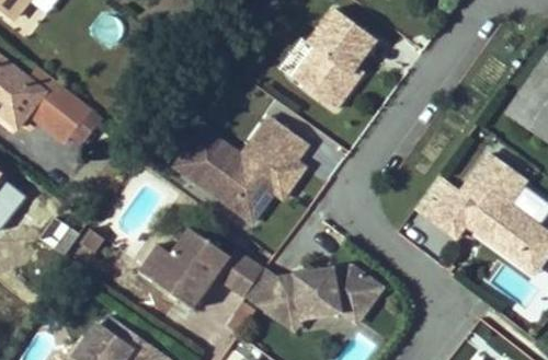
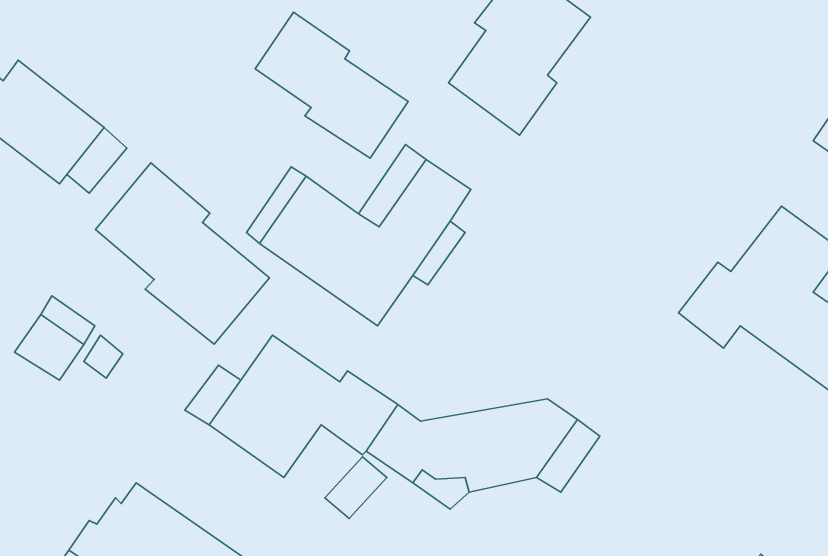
building: none -> [255,12,408,158]
building: none -> [96,163,269,344]

